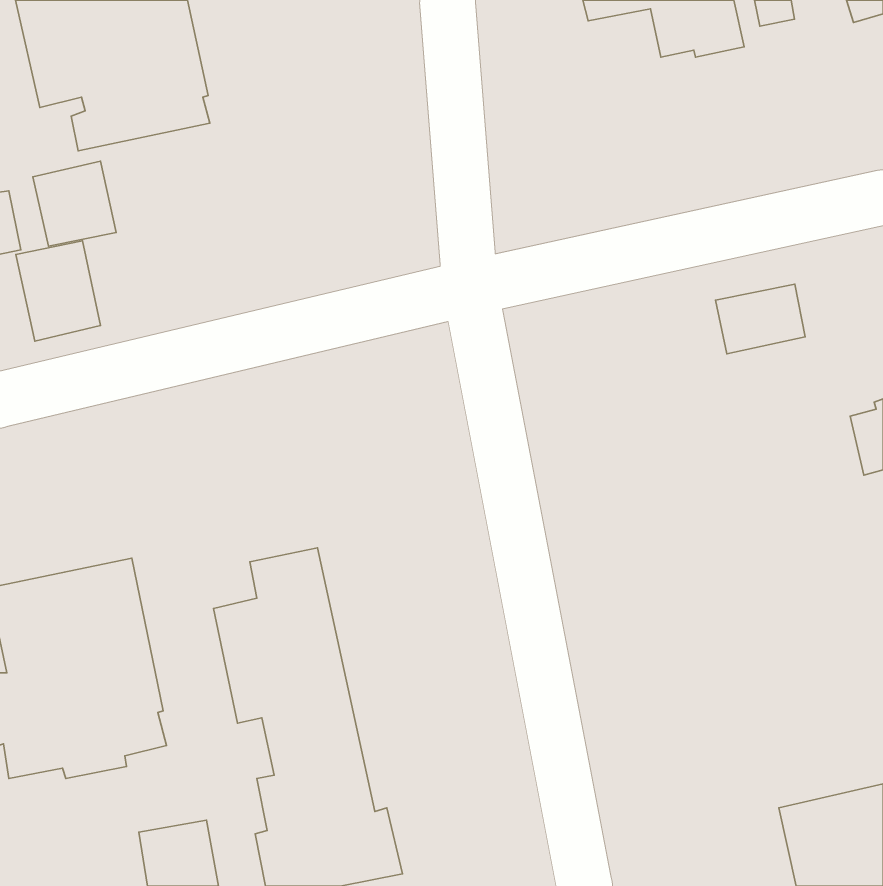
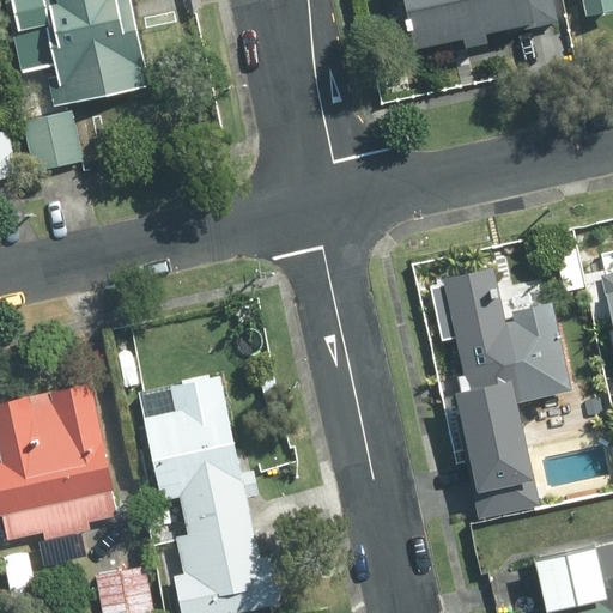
building: [16,241,101,341] -> none
building: [715,284,805,354] -> none
building: none -> [430,262,569,509]

